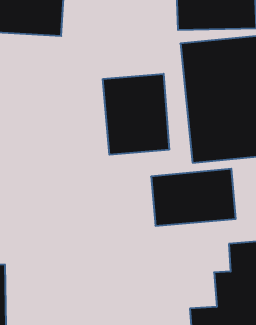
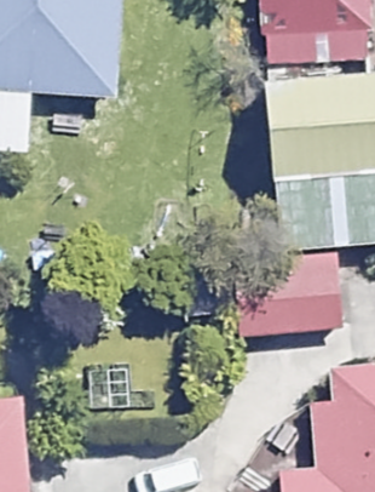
building: [103,74,169,155] -> none

